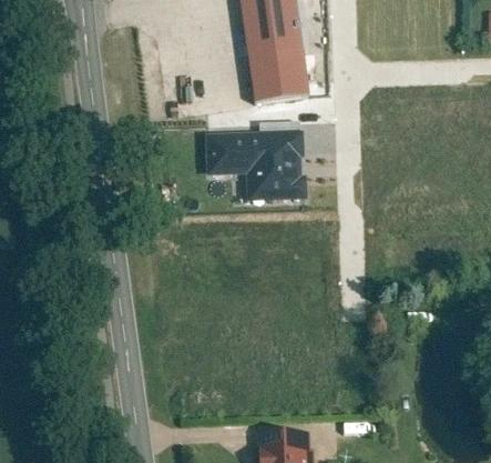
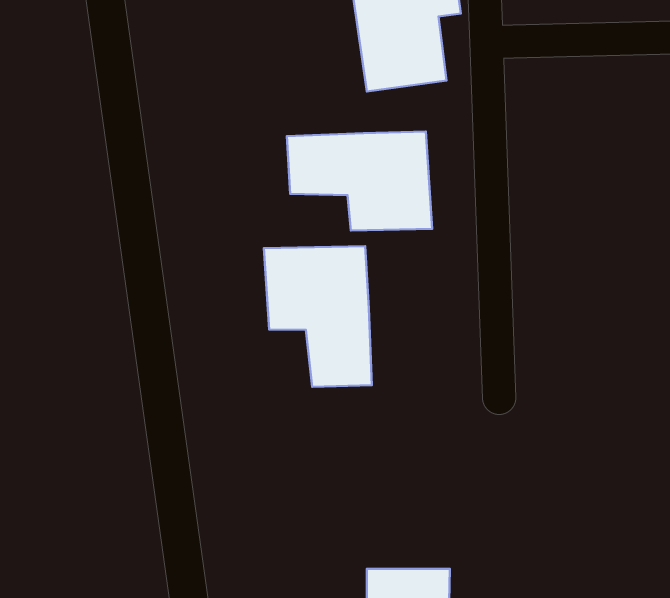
building: none -> [264,246,372,387]

